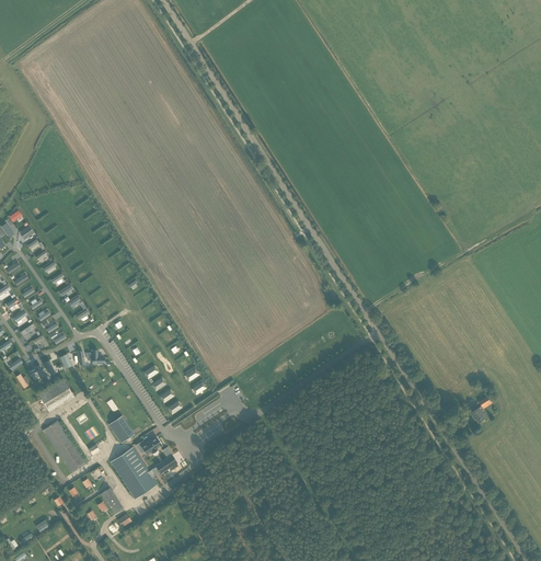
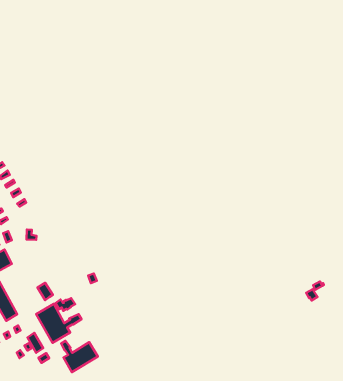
building: none -> [61,341,98,372]

